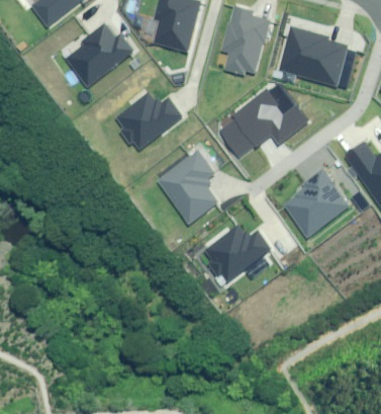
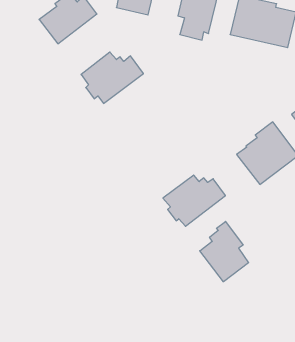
building: [216,92,312,161] -> none
building: [157,149,219,223] -> none
building: none -> [200,221,249,282]

